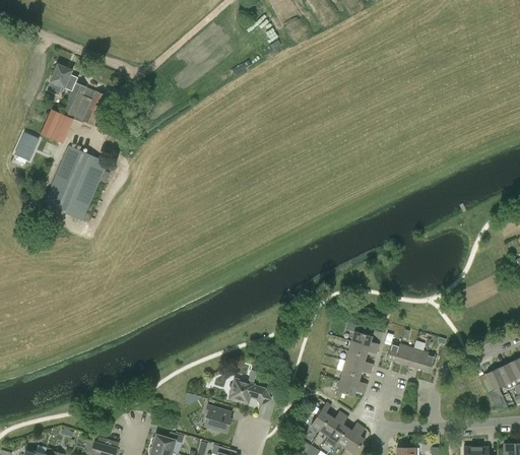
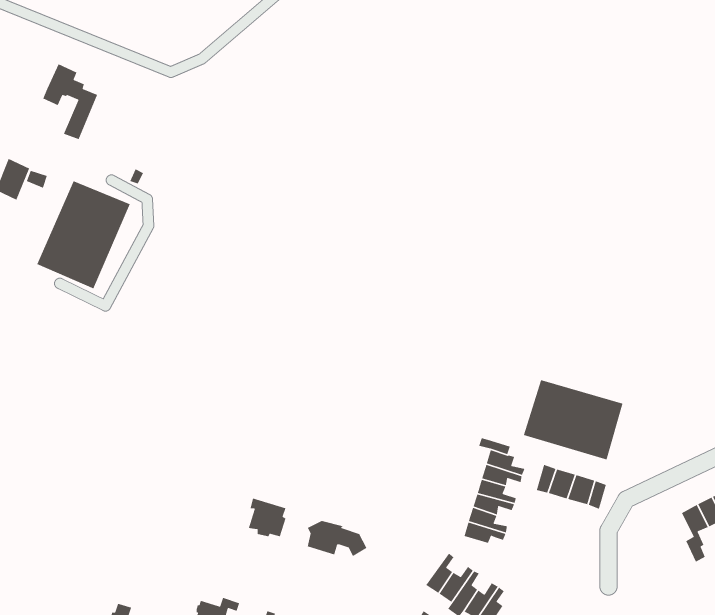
building: [41,87,106,144] -> none
building: none -> [523,379,624,460]
building: [204,405,231,433] -> [248,497,286,537]

